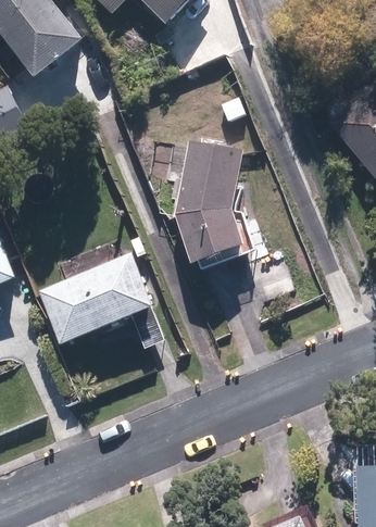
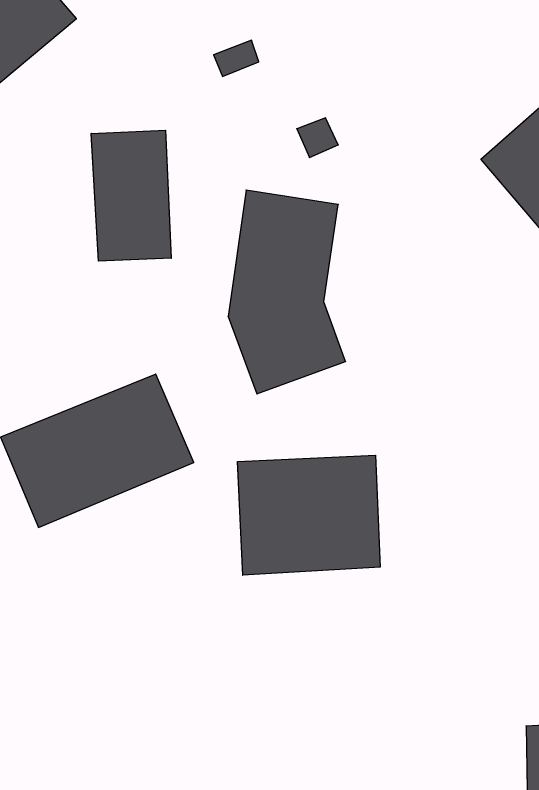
building: none -> [91,130,171,261]
building: none -> [238,455,380,575]

